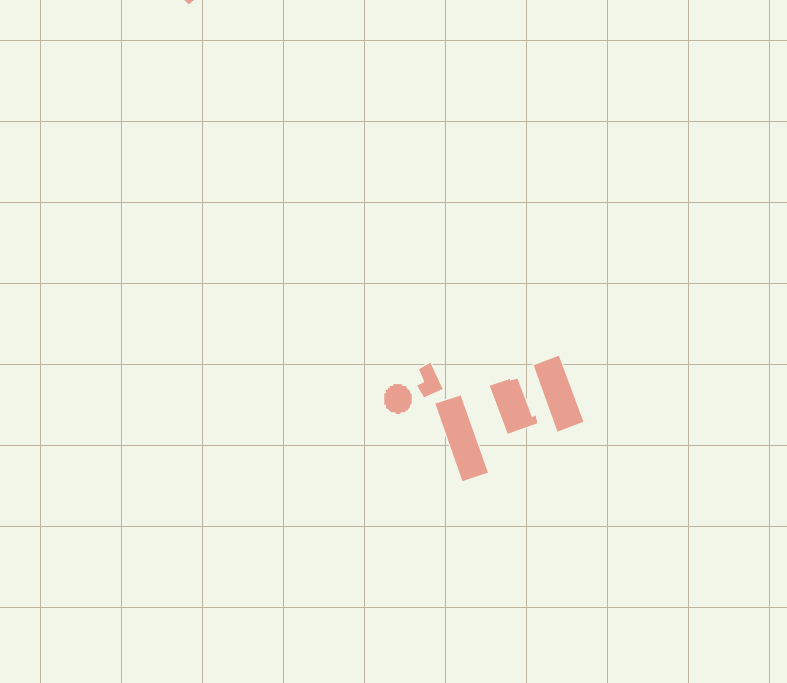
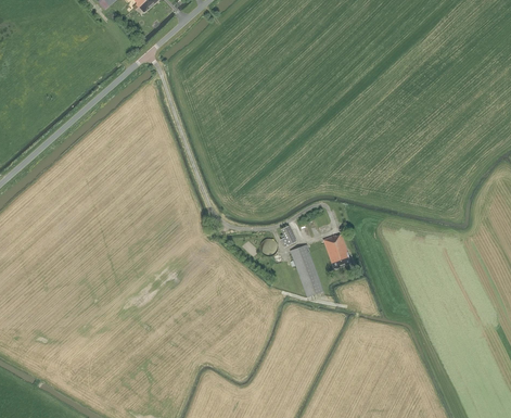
building: [532,355,584,432] -> none

